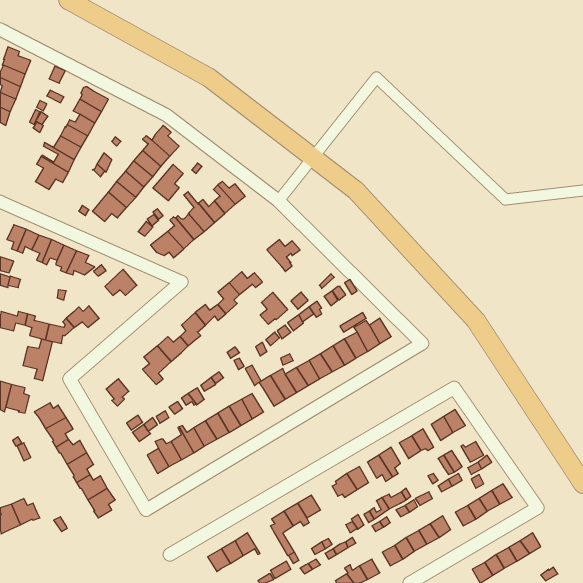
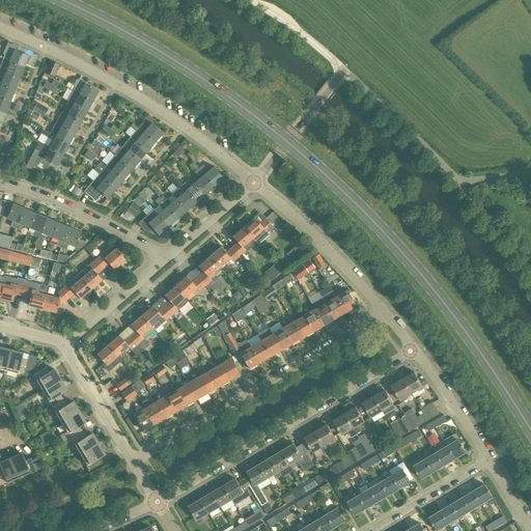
building: [153,164,183,201] -> none
building: none -> [78,260,103,289]
building: [260,292,288,324] -> [231,227,256,256]
building: [23,339,52,381] -> none
building: none -> [108,335,142,356]
building: none -> [283,442,313,471]
building: none -> [225,478,251,503]

